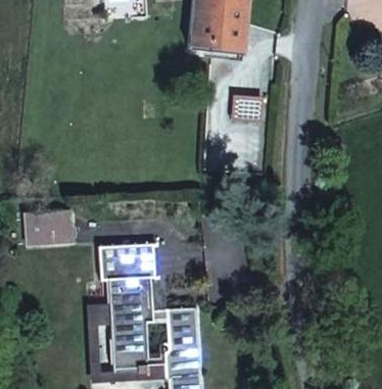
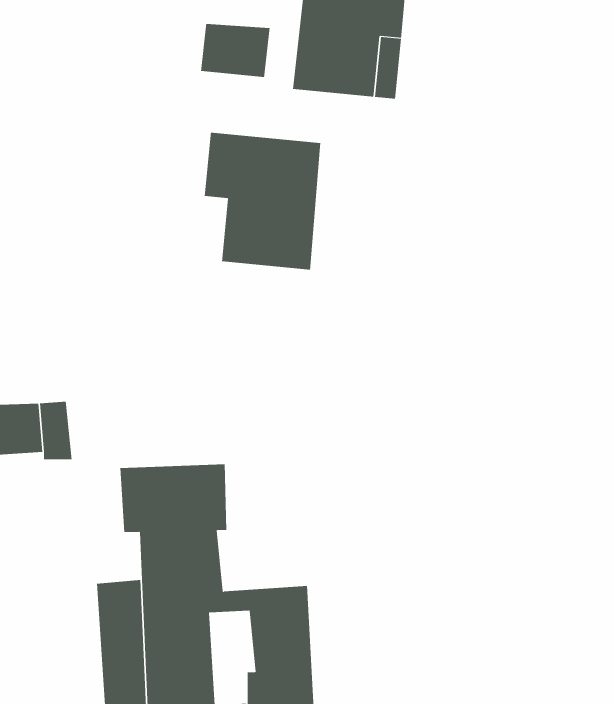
building: none -> [200,23,270,78]
building: none -> [204,132,321,270]

